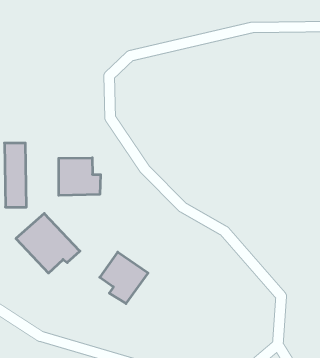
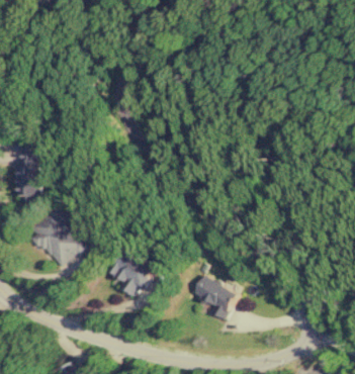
building: [59,158,101,195] -> none
building: none -> [192,275,237,320]

